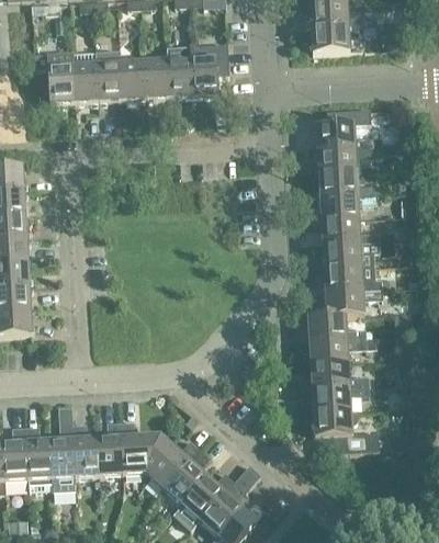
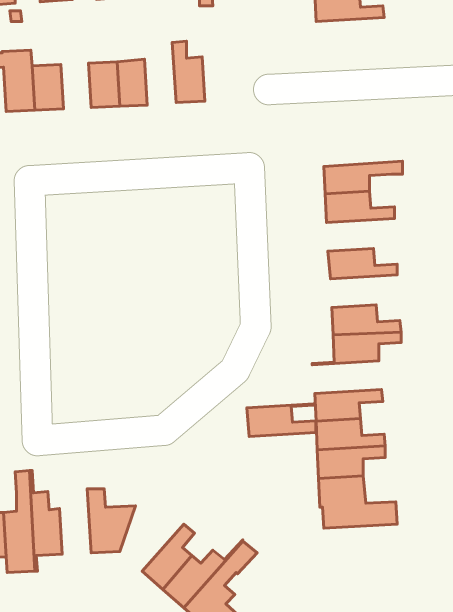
building: [311,24,368,52] -> none
building: [167,45,193,98] -> none
building: [95,49,122,101] -> none
building: [316,109,383,149] -> none
building: [319,193,378,220] -> none
building: [323,240,380,268] -> none
building: [307,313,365,340] -> [247,404,316,437]
building: [95,420,122,475] -> none
building: [146,434,200,489] -> none

